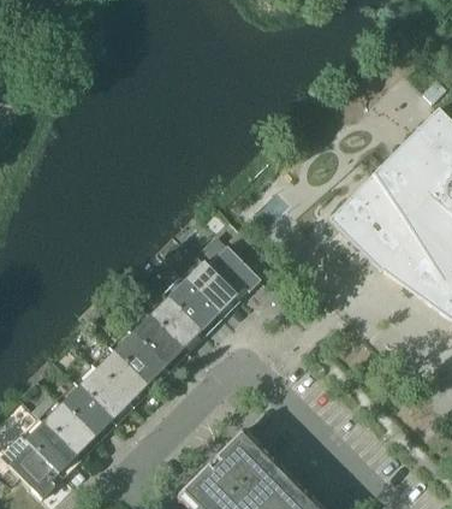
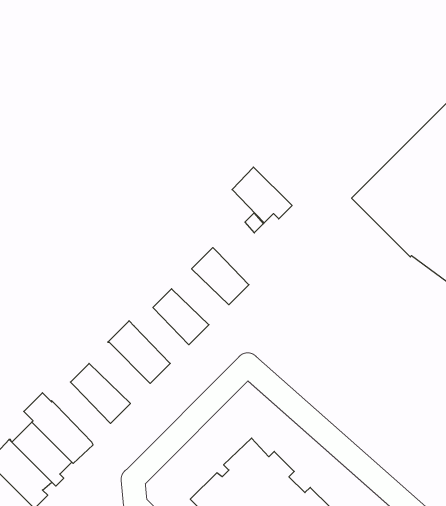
building: [207,245,261,296] -> [232,167,292,223]
building: [166,282,218,332] -> none
building: [132,316,182,367] -> none
building: [91,348,147,403] -> none
building: [61,387,111,438] -> none

